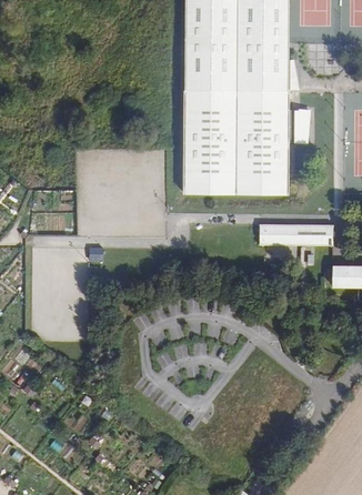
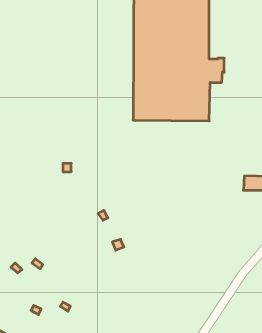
building: [258,224,332,245] -> none

